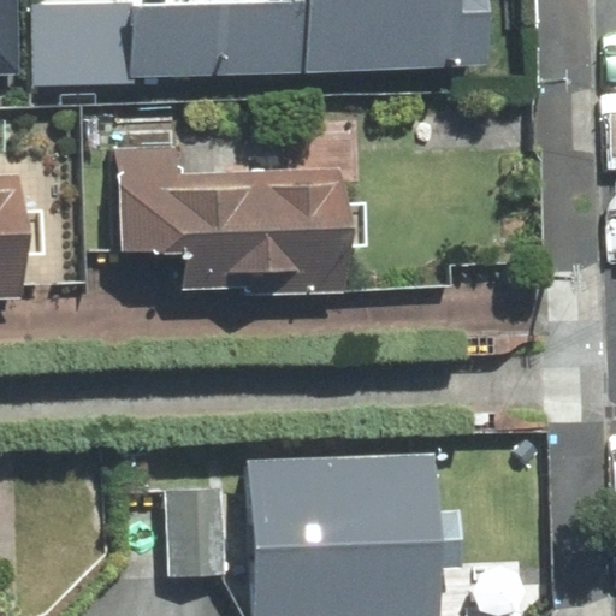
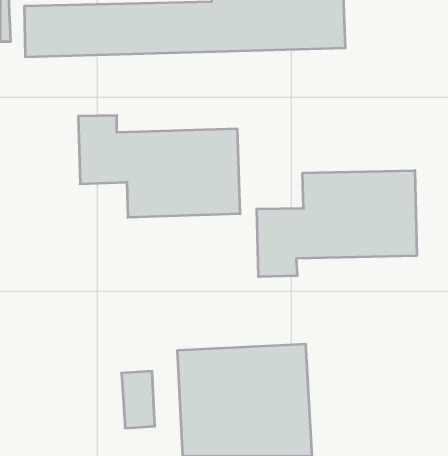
building: none -> [257,170,417,277]

